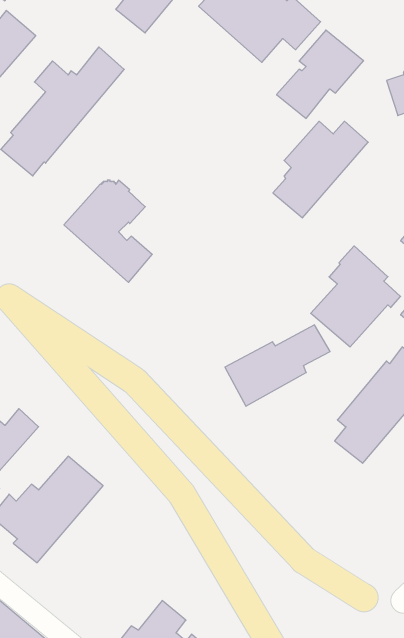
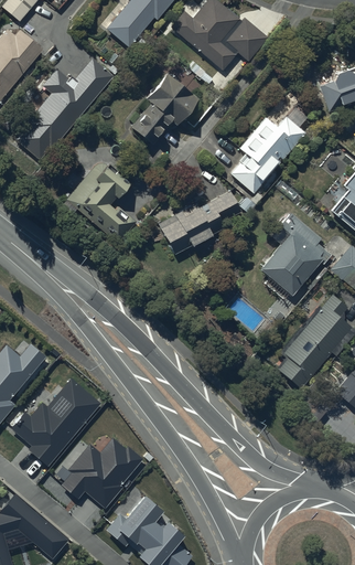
building: [277,30,364,118] -> [130,75,198,145]
building: [225,325,330,406] -> [159,191,241,255]
building: none -> [60,436,141,508]

